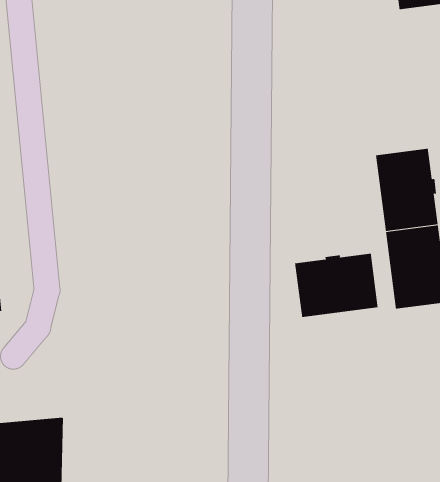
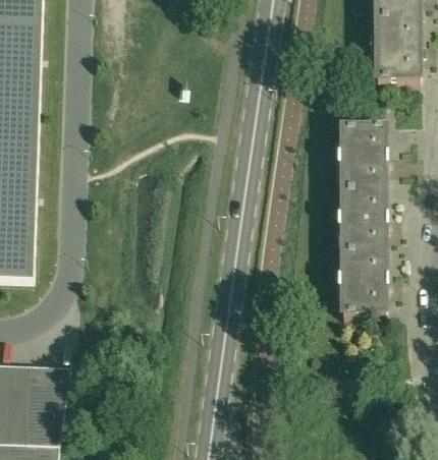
building: none -> [340,130,386,195]
building: [295,253,378,318] -> none

